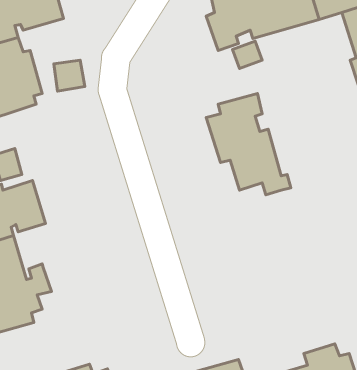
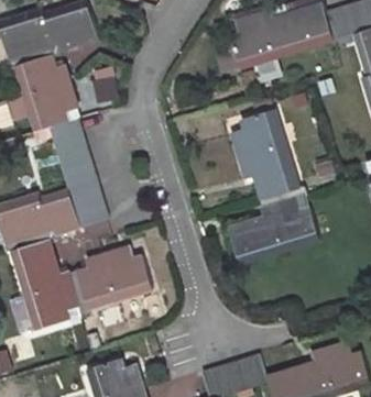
building: none -> [47,115,110,228]
building: none -> [227,190,319,264]
building: none -> [72,244,153,316]

